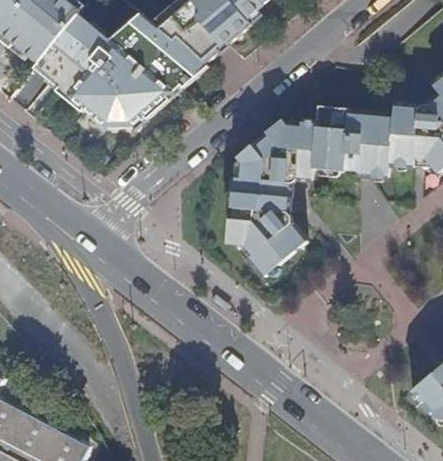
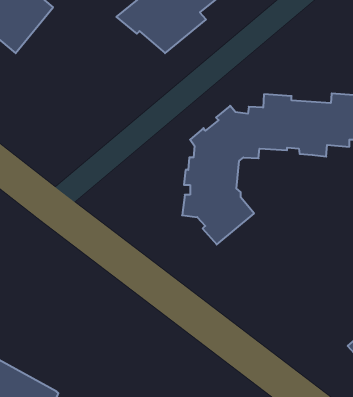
building: [38,10,206,127] -> none

